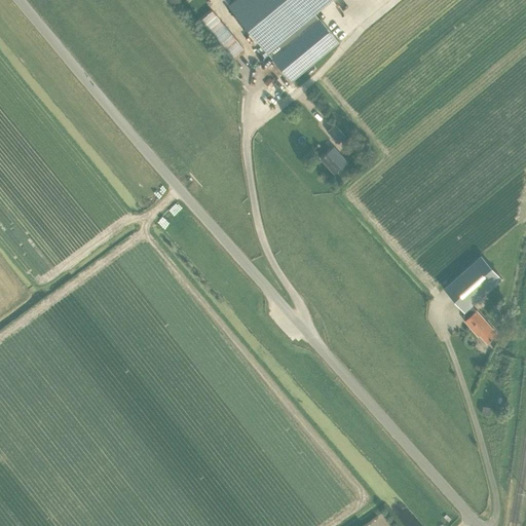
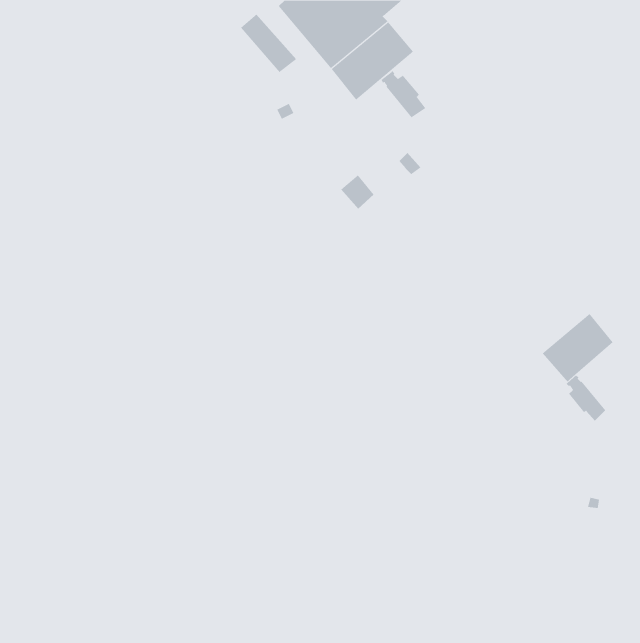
building: none -> [381,70,426,118]
building: [318,146,346,175] -> [340,174,374,210]

